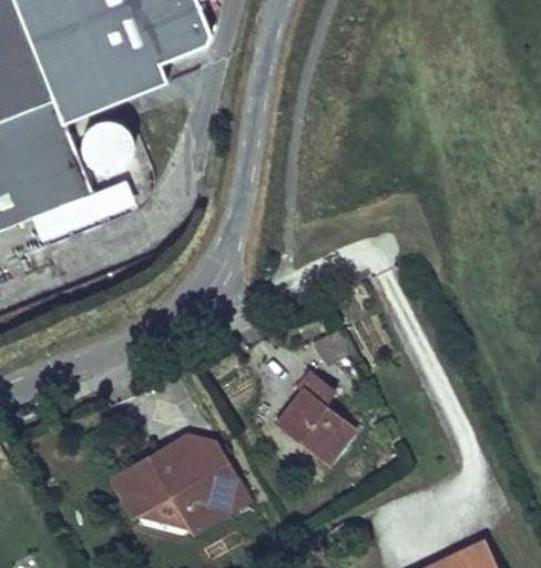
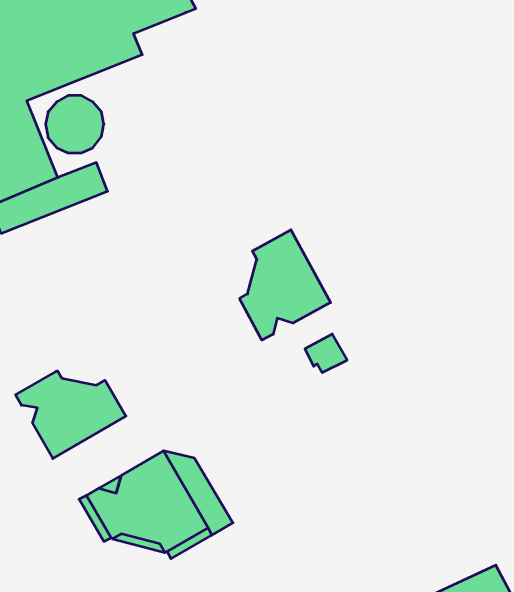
building: none -> [240,230,331,340]
building: none -> [16,371,126,459]
building: [277,372,354,462] -> none

